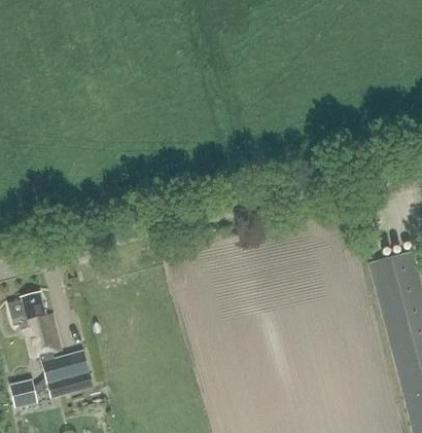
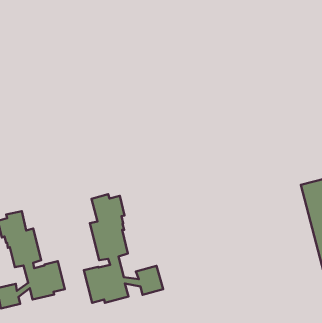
building: none -> [84,194,163,303]

